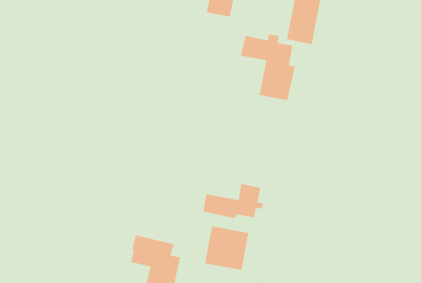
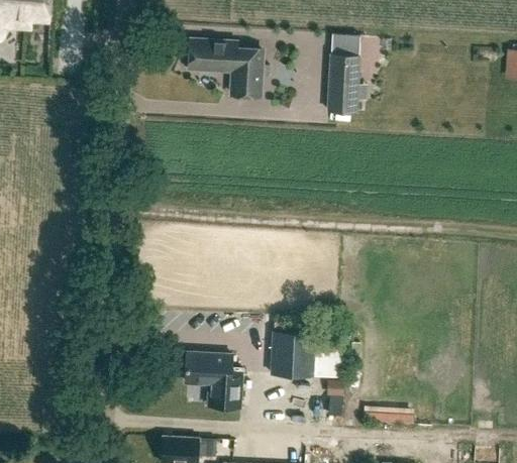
building: [240,33,296,101] -> none
building: [203,183,264,219] -> none

